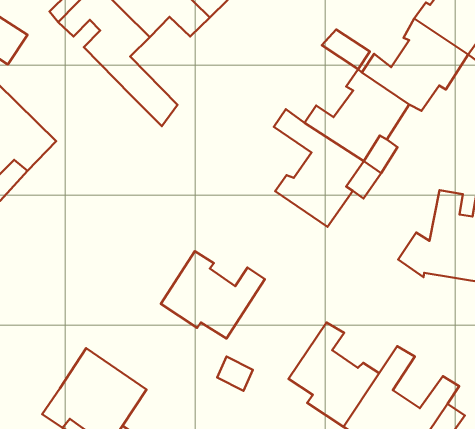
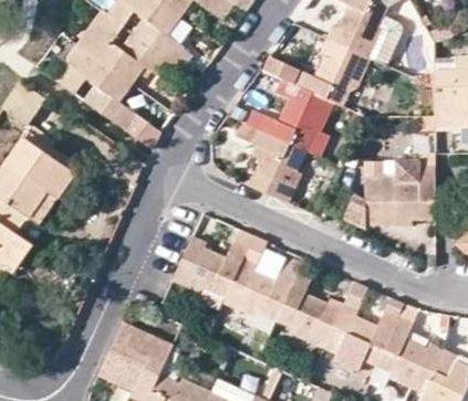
building: none -> [223,257,302,319]

